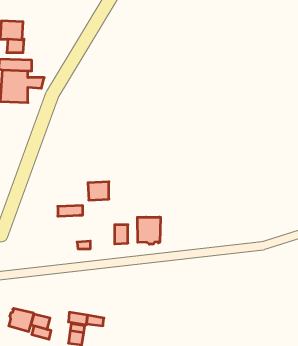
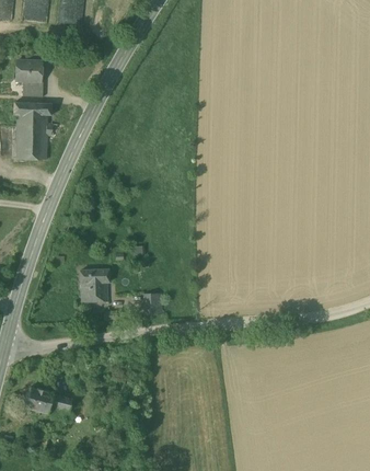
building: [88,182,109,200] -> [81,282,105,302]
building: [137,217,161,244] -> none

